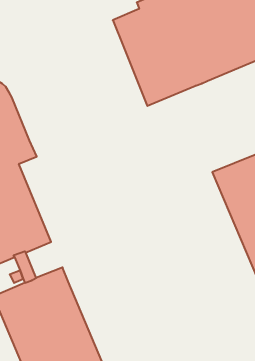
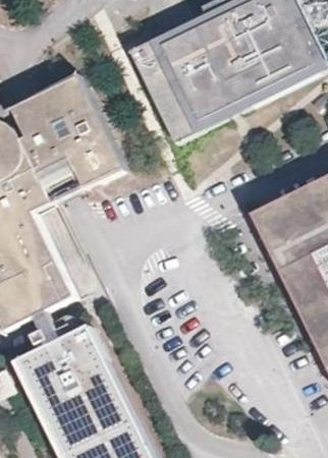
building: none -> [11,76,124,188]

